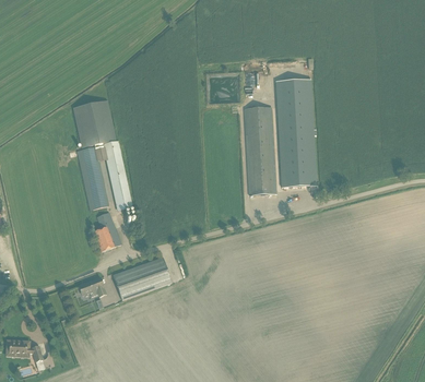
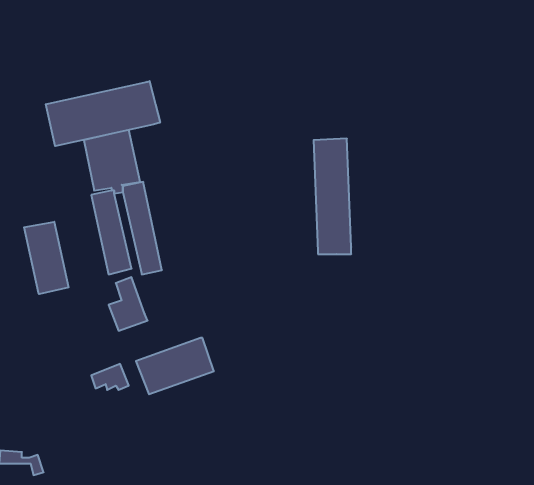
building: none -> [46,81,160,146]
building: [275,79,316,187] -> none
building: none -> [24,222,69,294]

